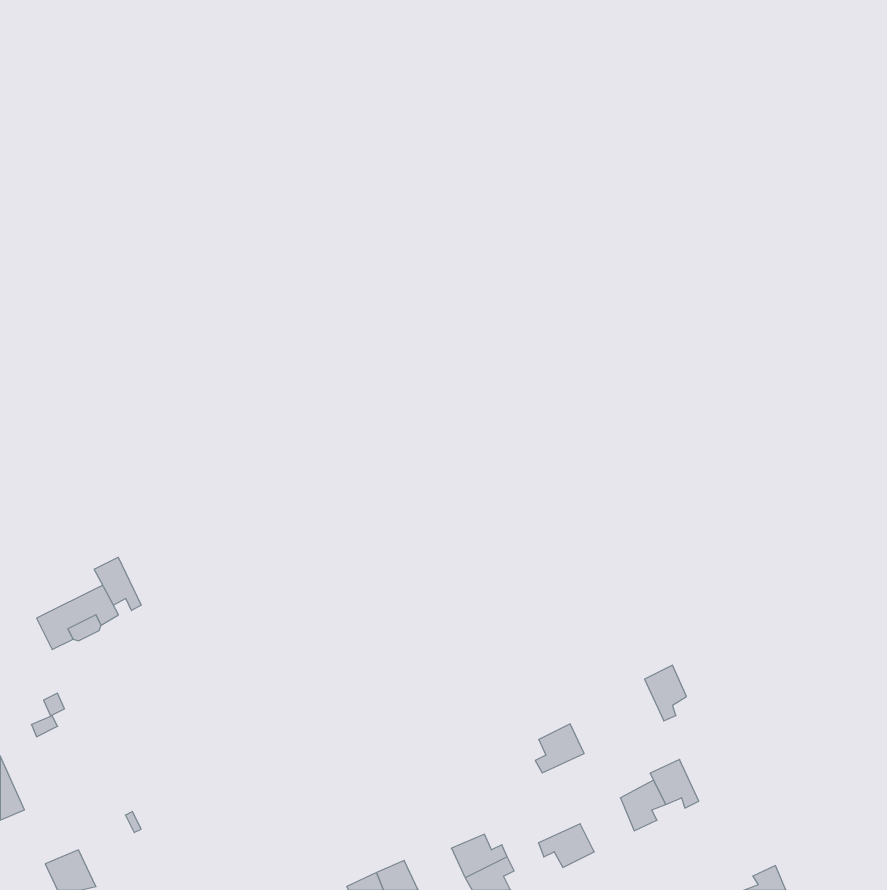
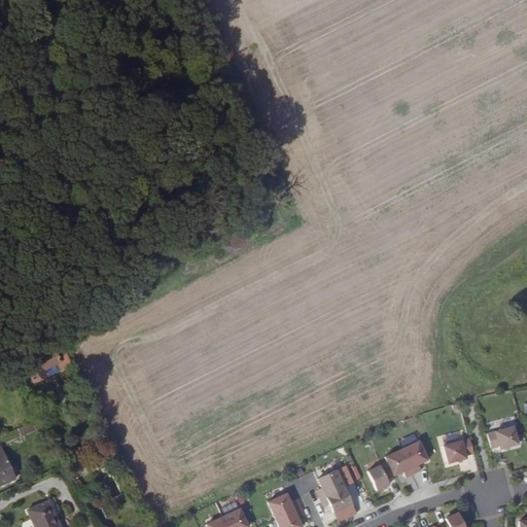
building: [94,557,141,611] -> none
building: [645,665,686,721] -> [403,441,428,473]
building: none -> [488,426,520,449]
building: [535,724,584,773] -> [316,469,345,498]
building: none -> [444,438,475,463]

